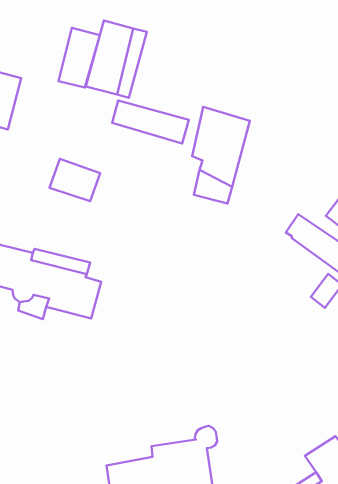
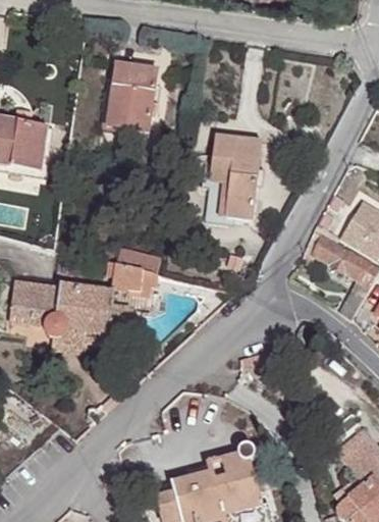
building: [59,28,100,87] -> none
building: [112,101,189,143] -> none
building: [50,159,100,201] -> [108,258,155,296]

